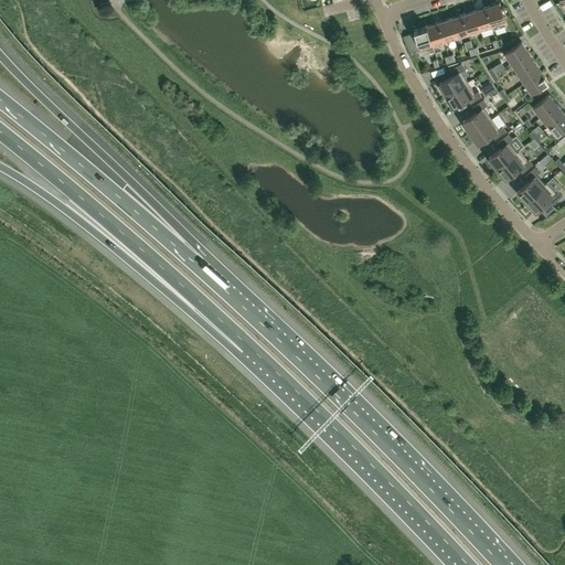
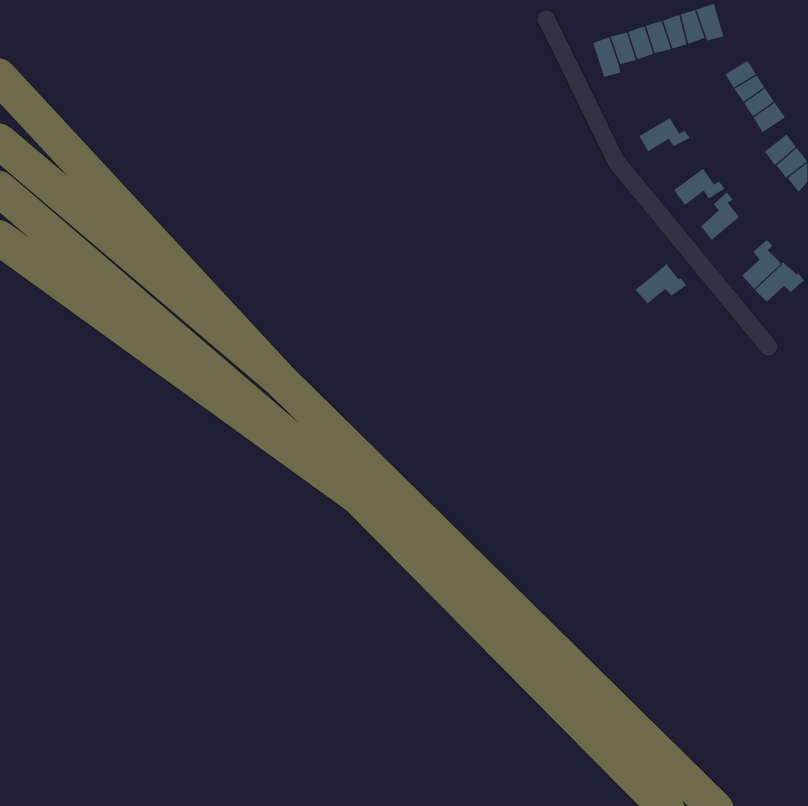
building: [438,64,467,97] -> none
building: [461,100,490,135] -> none
building: [495,151,532,180] -> [635,263,687,304]

